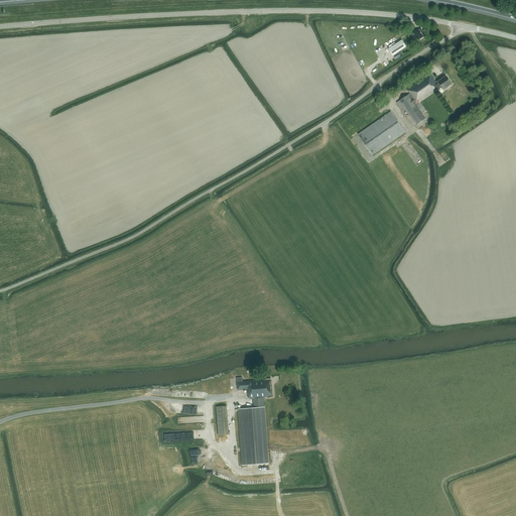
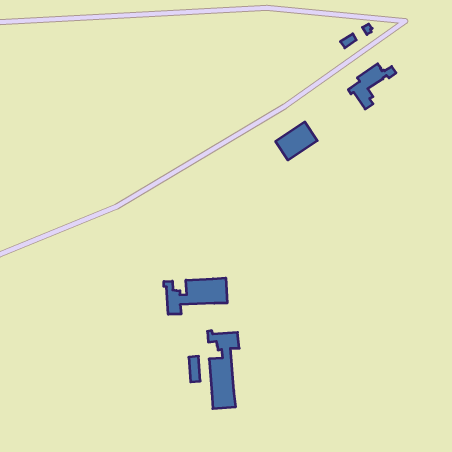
building: [357,111,404,154] -> [276,122,317,160]
building: none -> [164,278,227,314]

